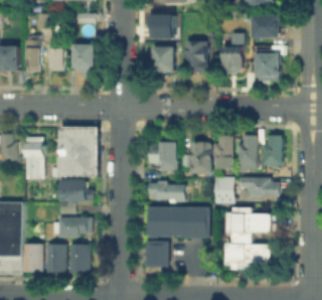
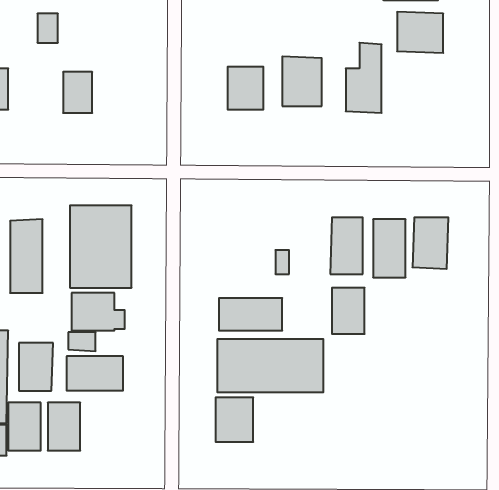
building: [150,13,175,38] -> none
building: [30,41,44,70] -> none
building: [76,48,101,74] -> none
building: [255,52,280,81] -> none
building: [148,141,177,170] -> none
building: [192,141,211,173] -> none
building: [239,177,279,196] -> none
building: [225,207,271,270] -> none
building: [69,244,90,272] -> [19,343,53,391]

